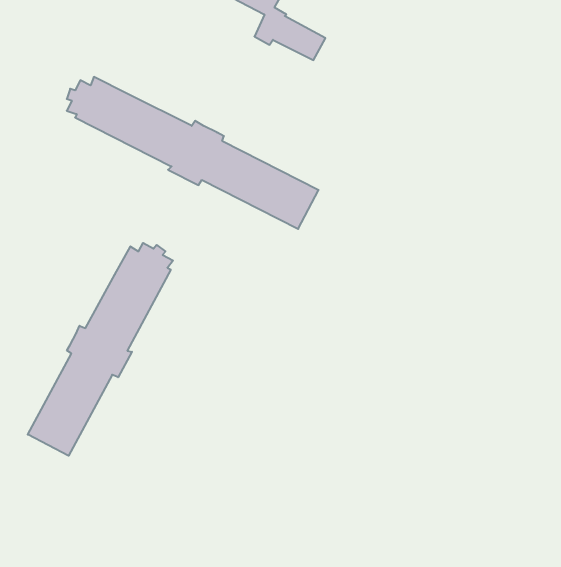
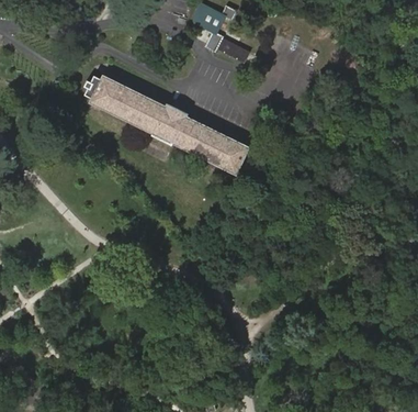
building: [28,243,173,456] -> none

